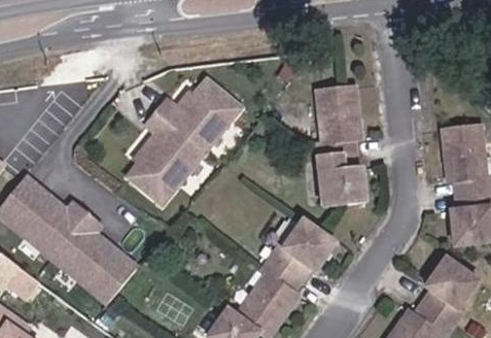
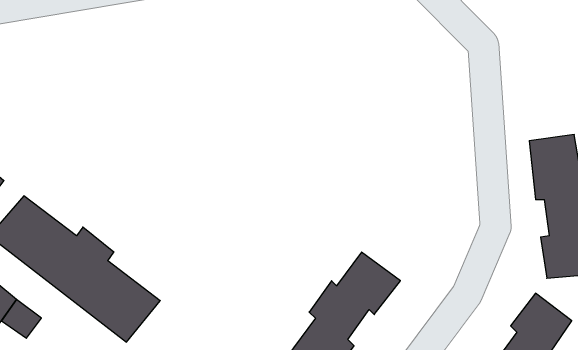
building: [127,82,238,203] -> none
building: [315,94,365,210] -> none

